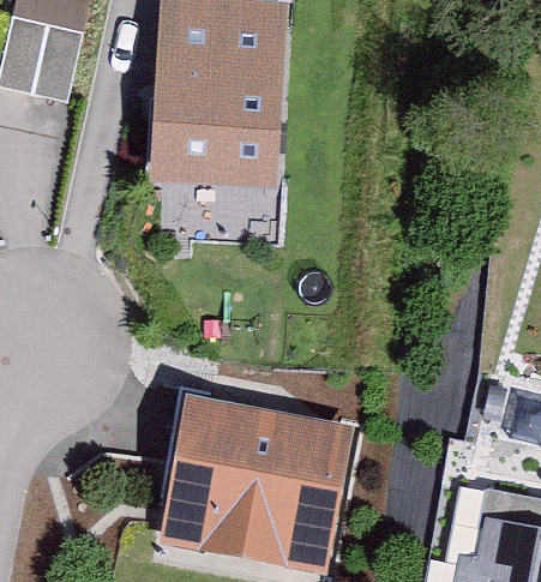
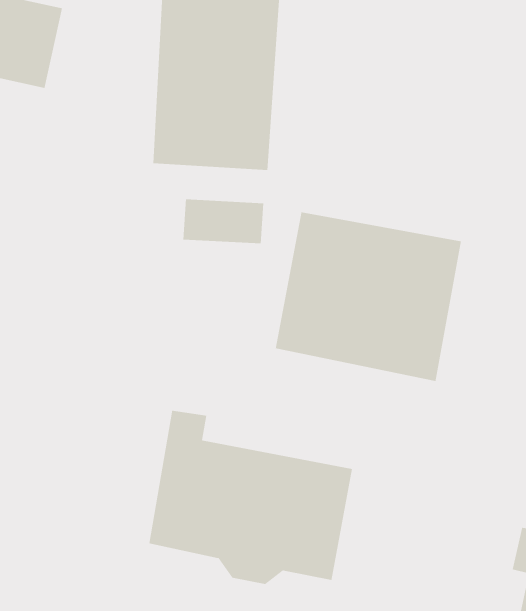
building: none -> [275,211,462,382]

